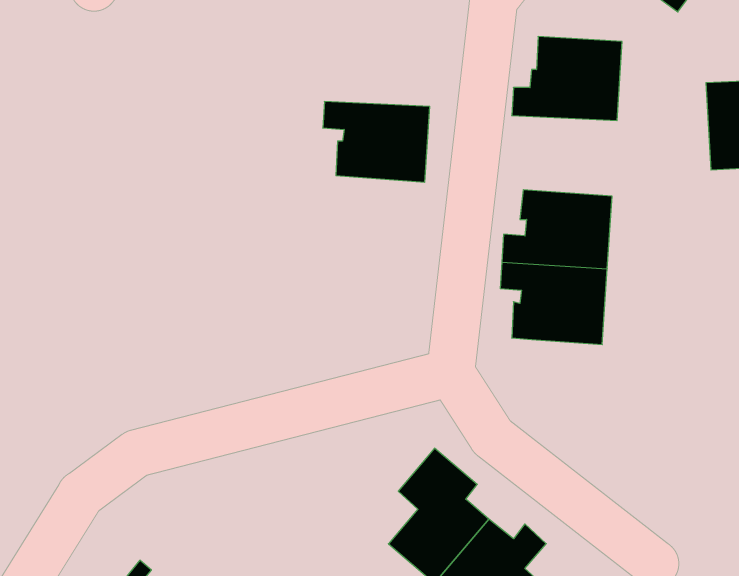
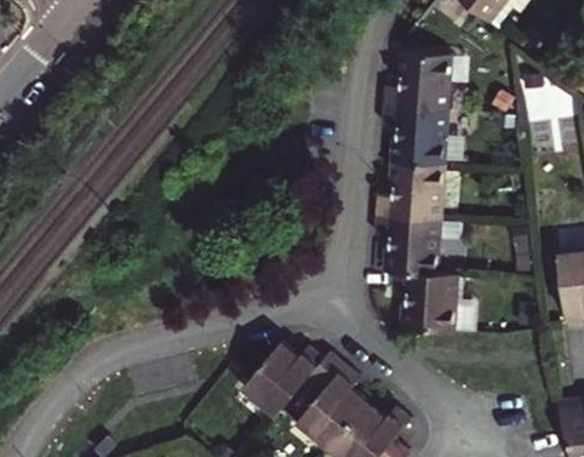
building: [323,102,430,182] -> [382,107,460,166]
building: none -> [396,272,464,332]
building: none -> [234,341,320,419]

